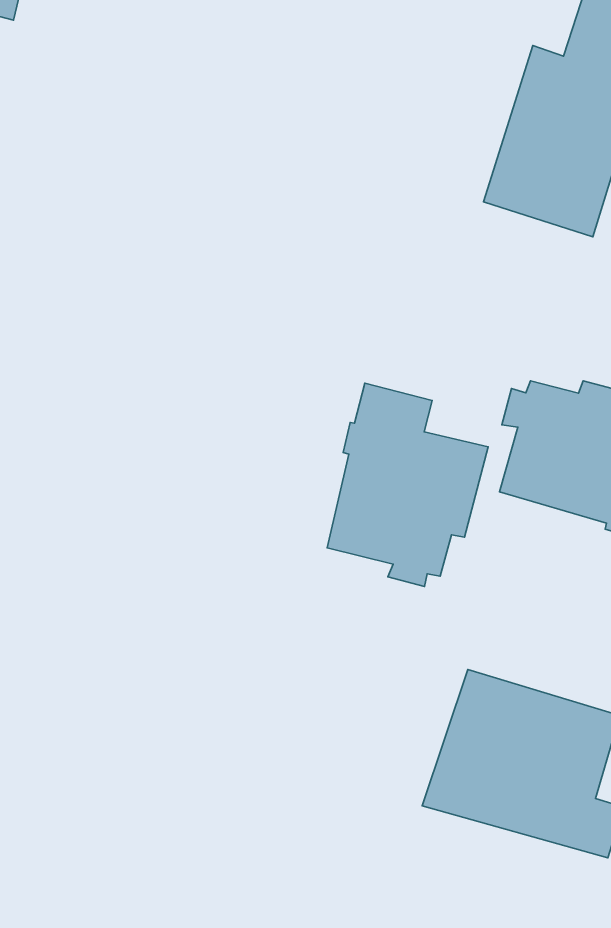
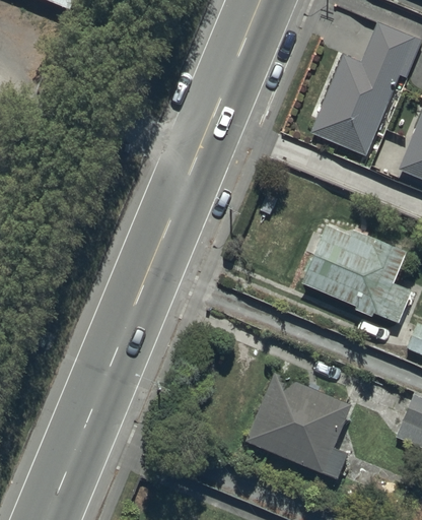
building: [327,383,488,586] -> none

